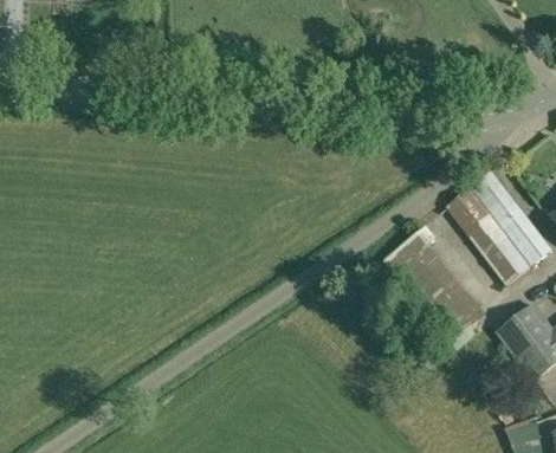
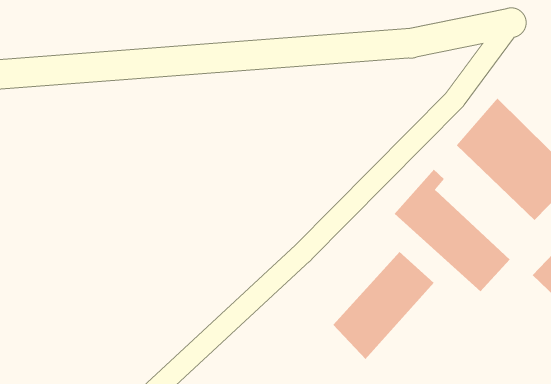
building: none -> [332,251,434,360]

